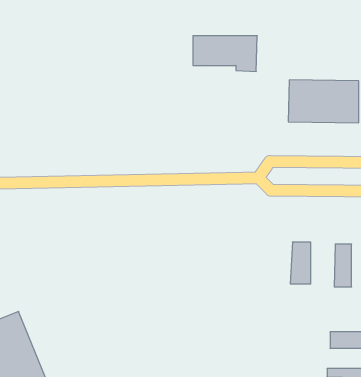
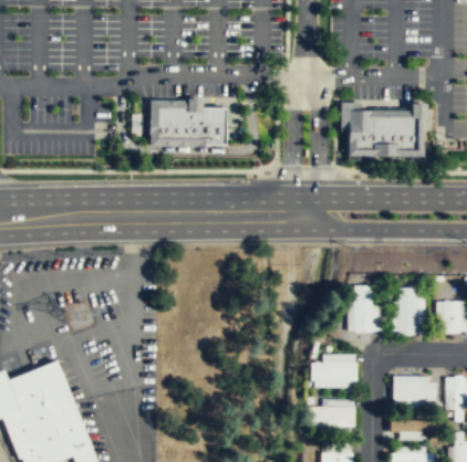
building: [193,36,257,71] -> [157,106,227,145]
building: none -> [310,363,356,380]
building: none -> [308,406,354,427]

